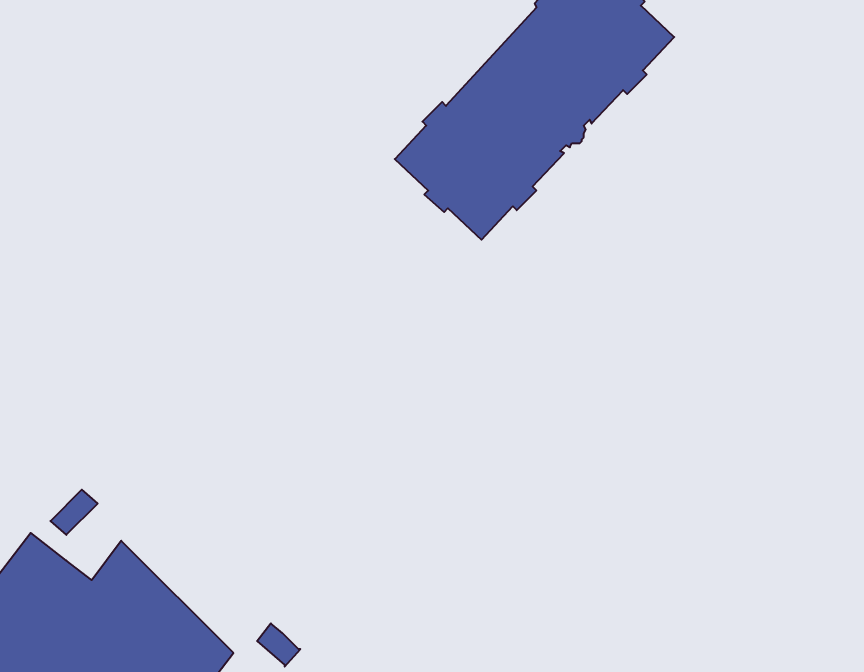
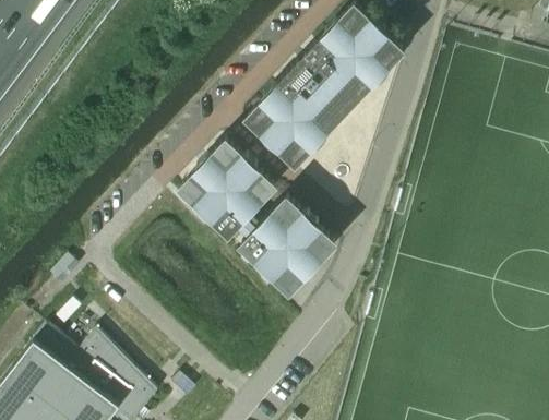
building: none -> [179,145,272,238]
building: none -> [240,202,333,296]

